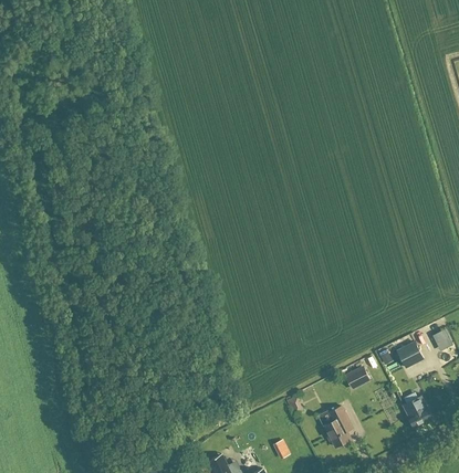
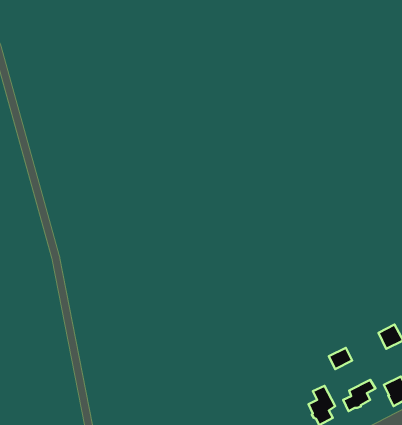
building: none -> [343,380,375,411]

